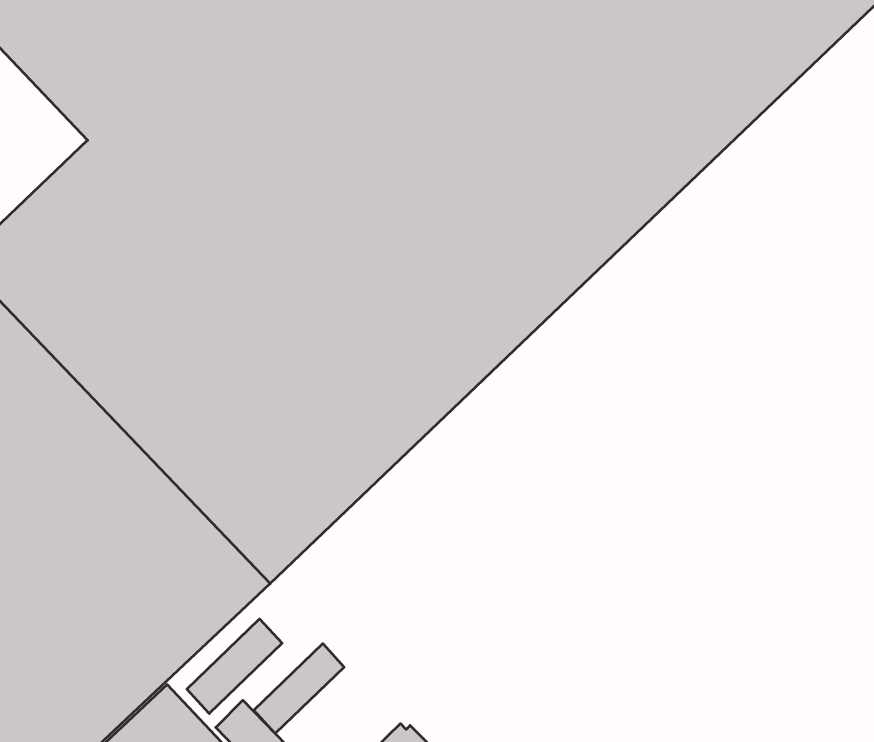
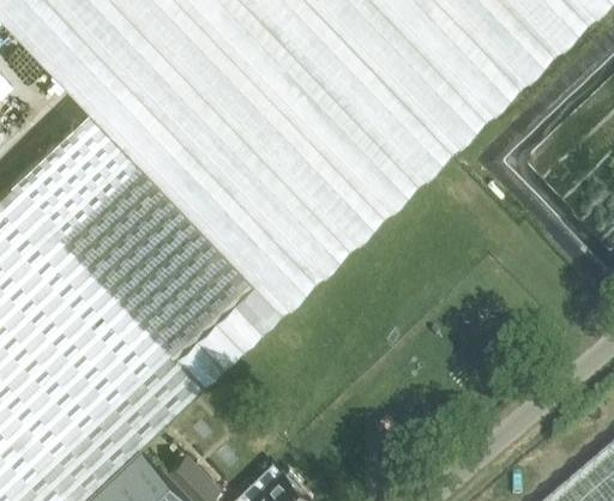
building: [187,619,282,714] -> none
building: [254,644,344,734] -> none

